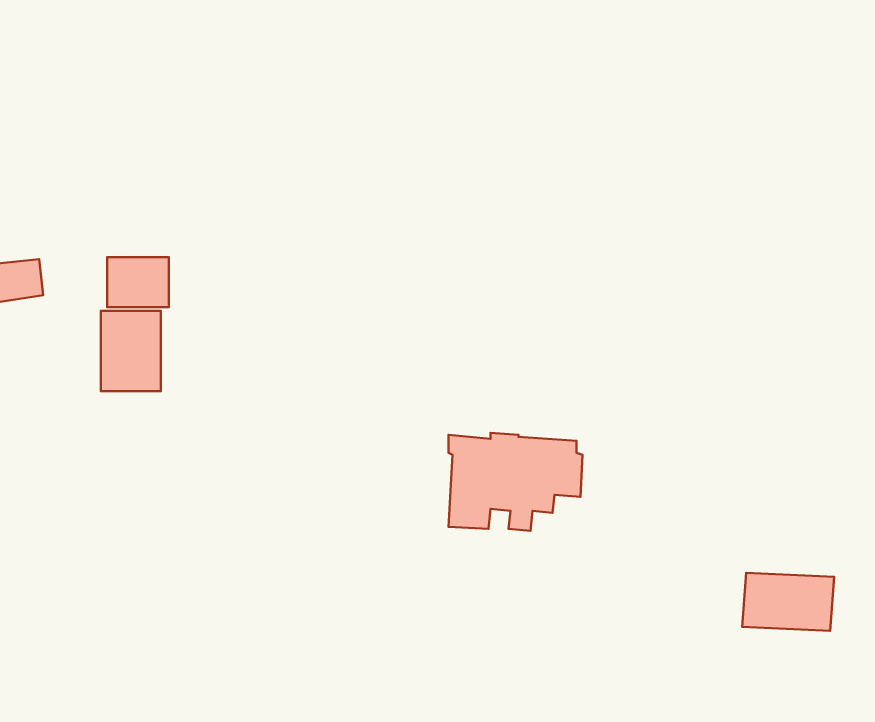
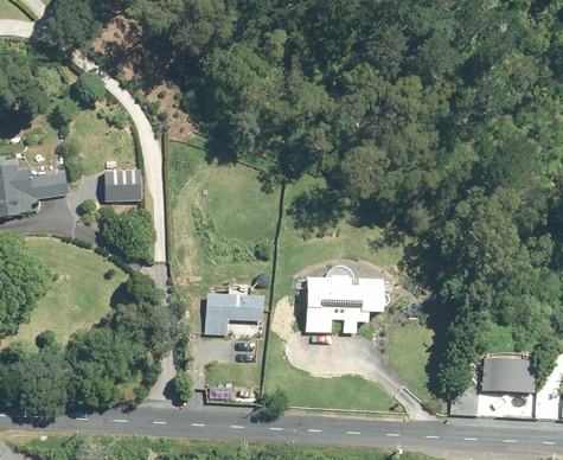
building: [101,311,161,391] -> none
building: none -> [203,293,263,334]

